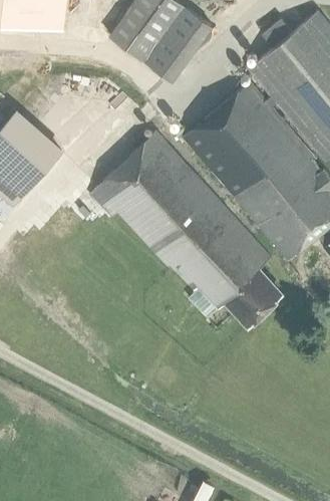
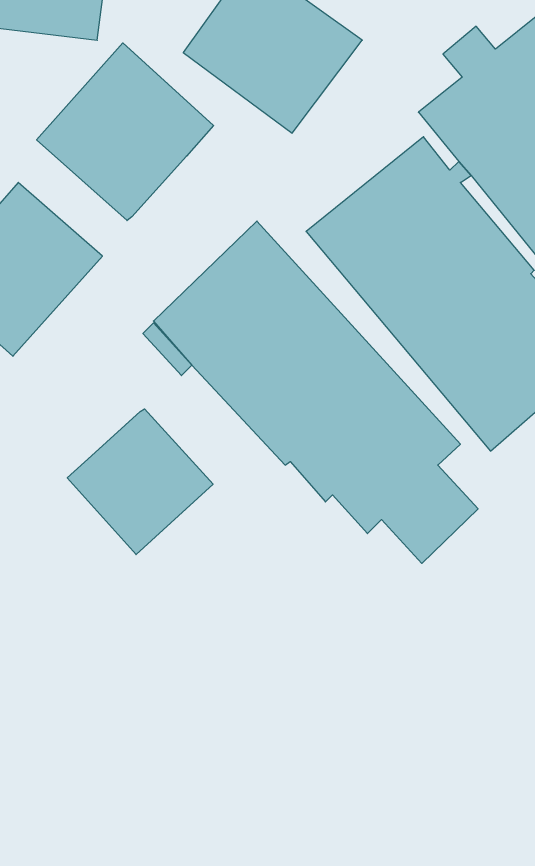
building: none -> [37,43,214,221]
building: none -> [67,409,213,555]

